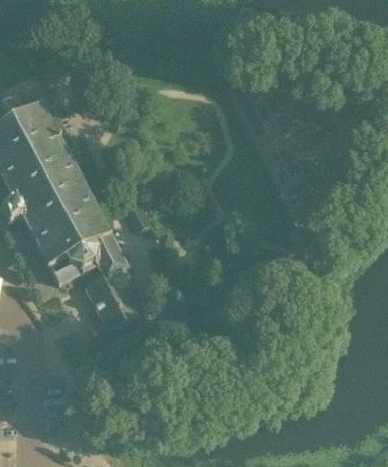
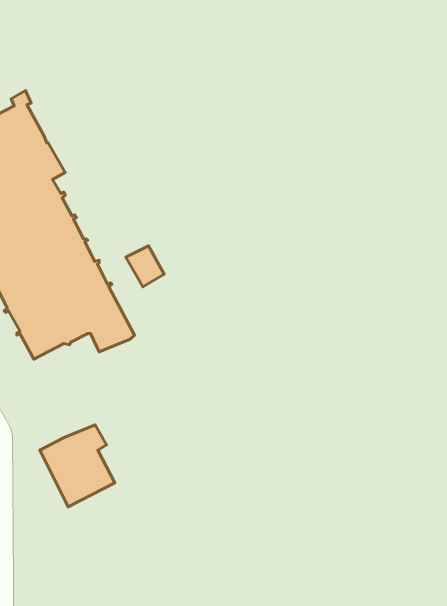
building: [87,270,140,329] -> [40,425,115,507]

